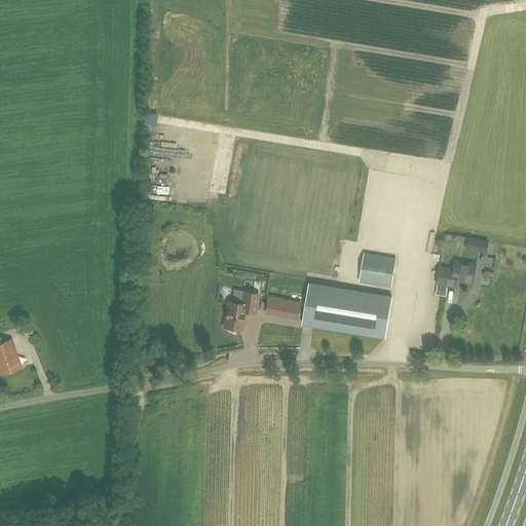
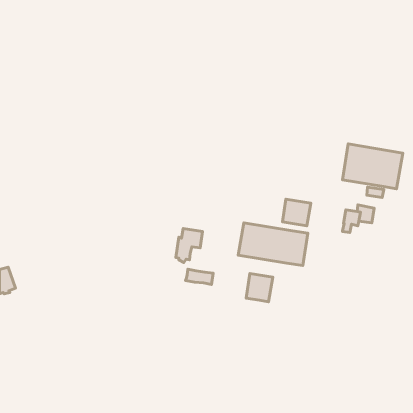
building: none -> [343,144,403,189]
building: [264,298,299,317] -> [186,269,213,284]
building: none -> [246,273,273,302]

